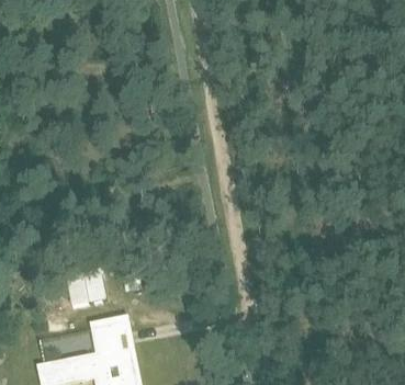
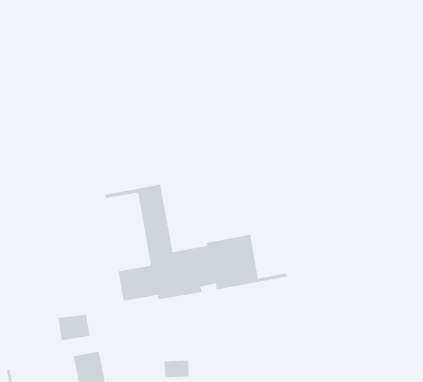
building: none -> [105,184,287,302]

